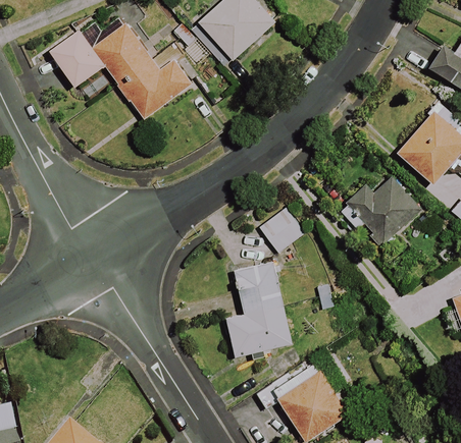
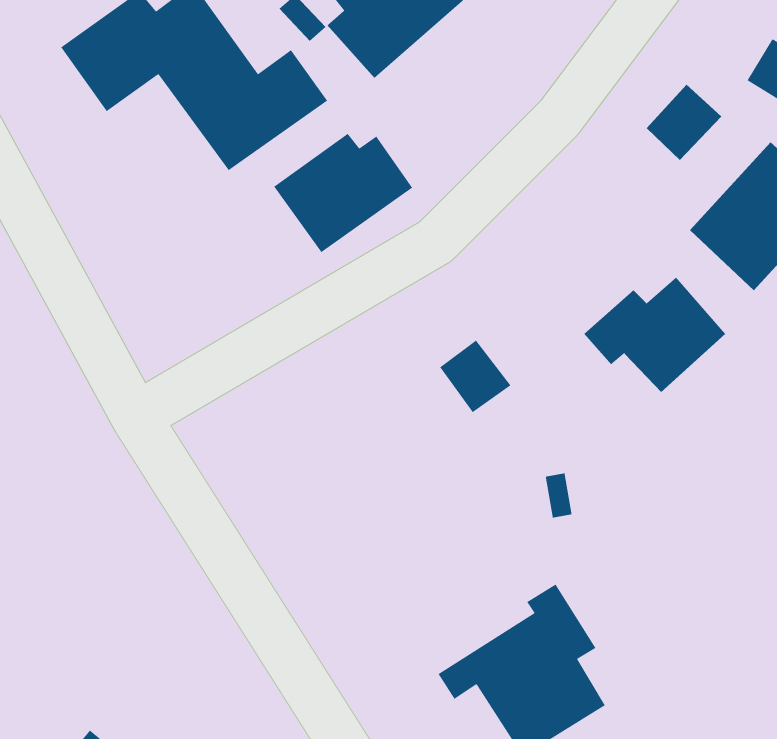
building: none -> [646,84,722,161]
building: none -> [273,133,413,253]
building: [226,262,291,361] -> none

